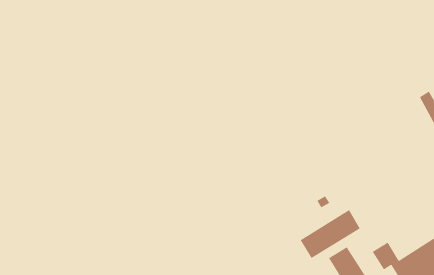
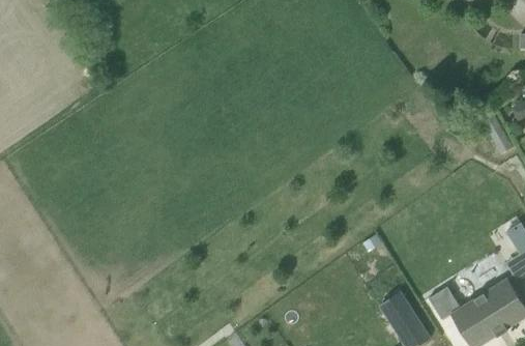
building: [300,209,360,259] -> none

